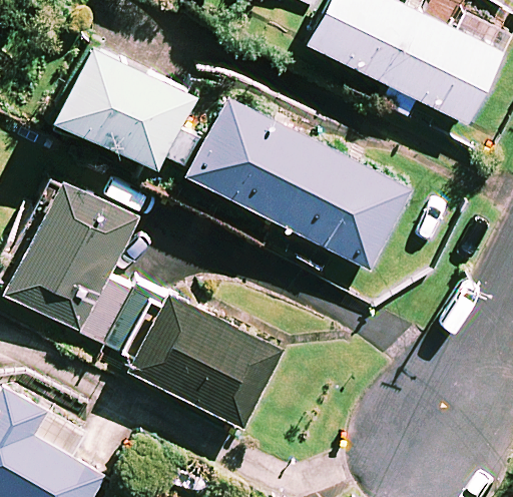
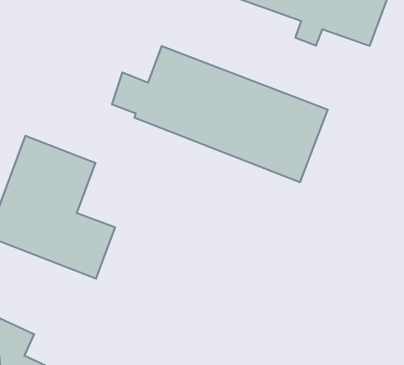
building: [54,43,194,169] -> none
building: [129,294,283,428] -> none

